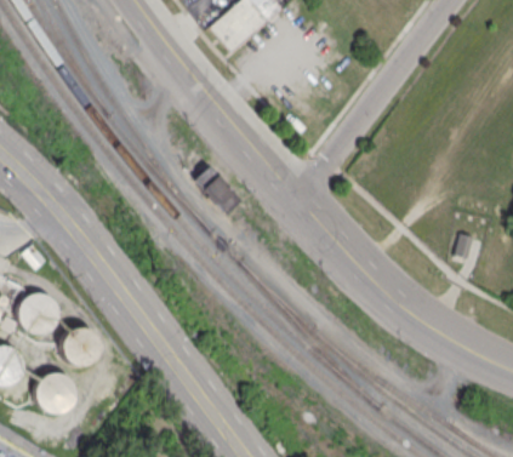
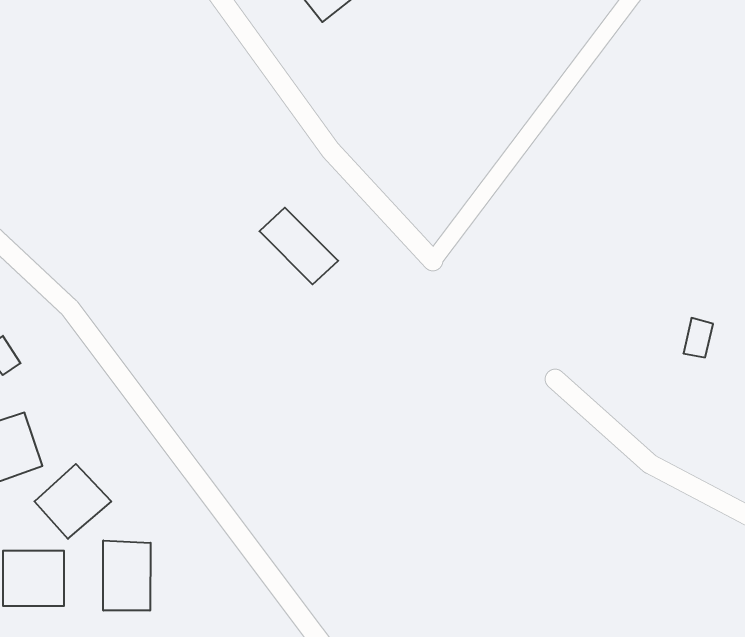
building: none -> [103,540,151,611]

